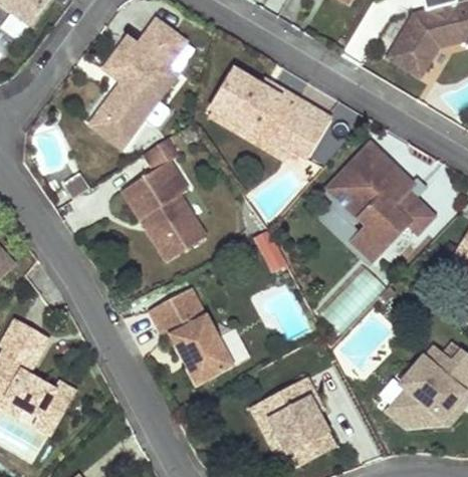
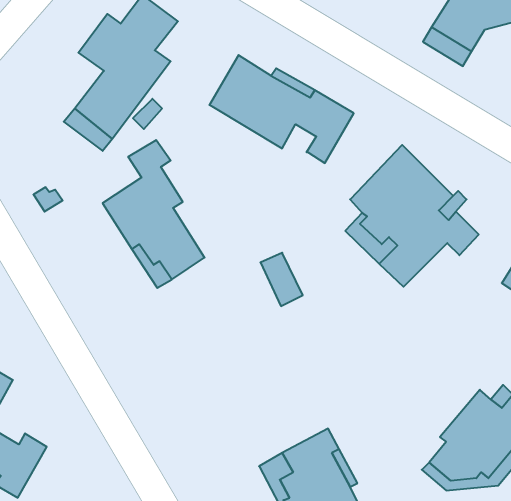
building: [209,109,298,160] -> none
building: [148,286,233,386] -> none

